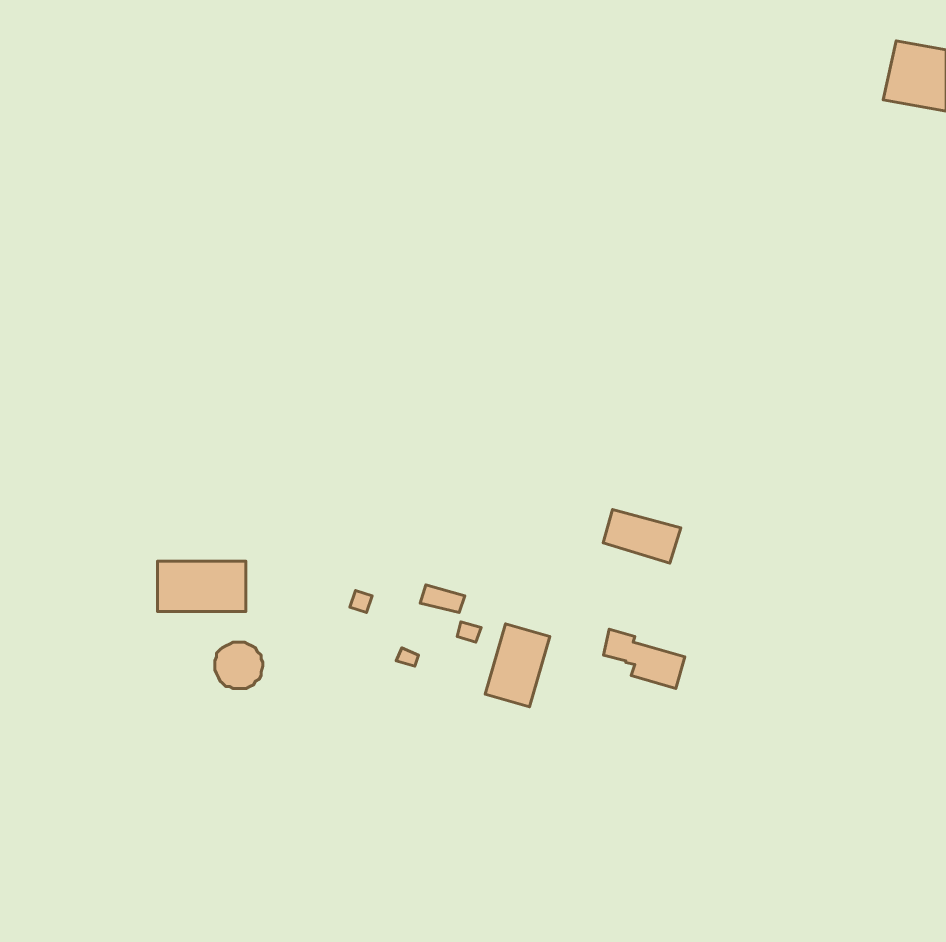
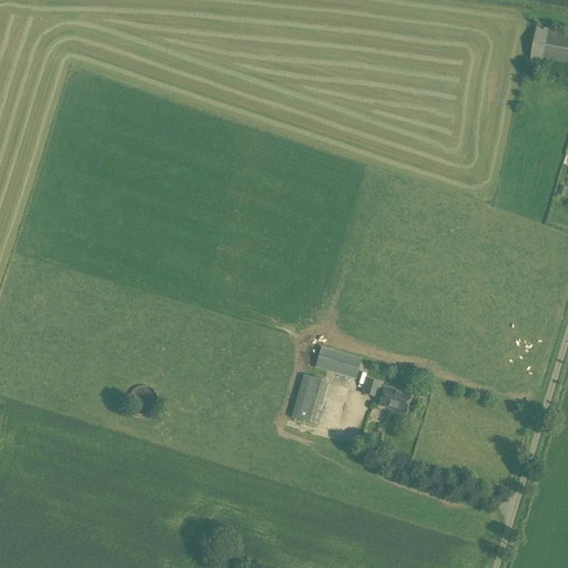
building: [603,509,681,563] -> [315,346,362,378]
building: [157,561,246,611] -> none

